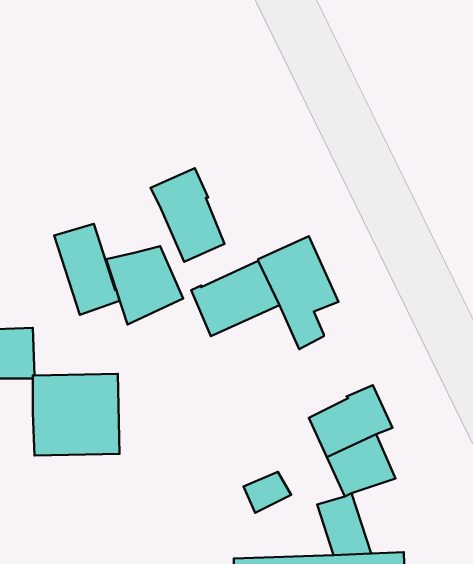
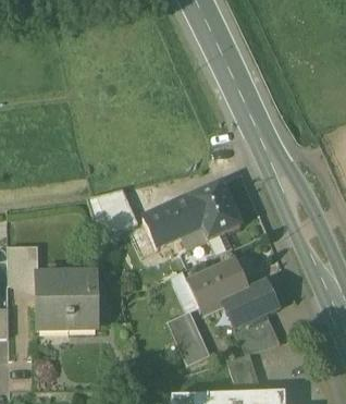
building: [151,168,225,262] -> none
building: [54,224,119,315] -> none
building: none -> [187,260,248,311]
building: none -> [166,311,201,348]

